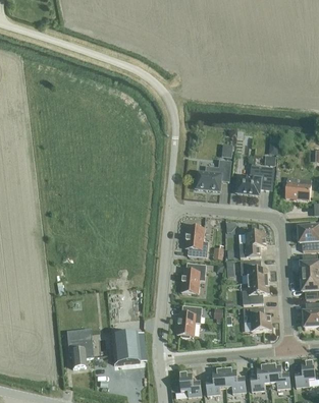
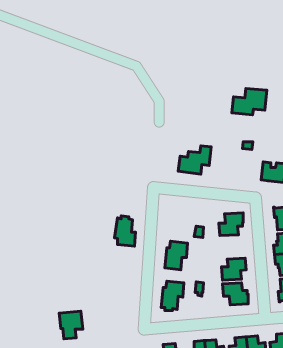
building: [235,166,273,194] -> [232,88,267,115]
building: [184,224,207,256] -> [115,216,135,246]
building: [240,260,267,282] -> none
building: [111,333,139,363] -> none

